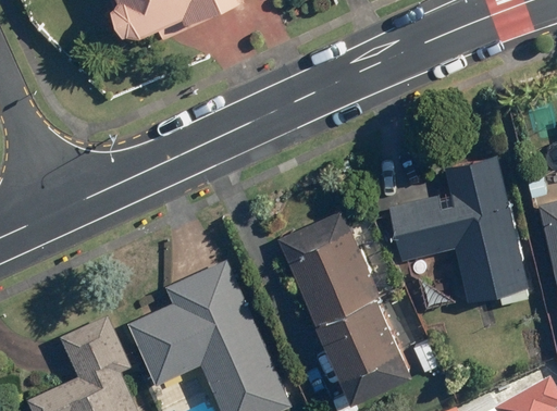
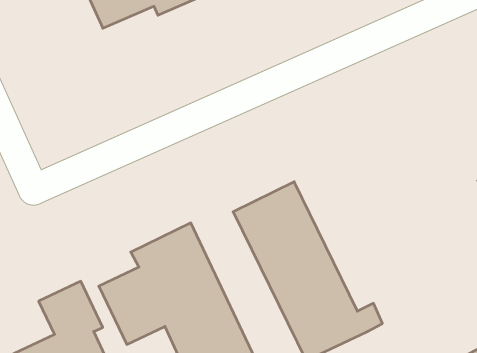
building: [386,151,530,307] -> none

